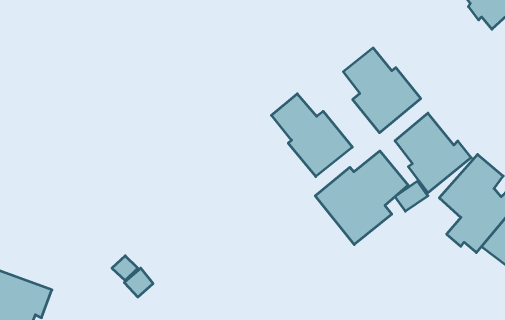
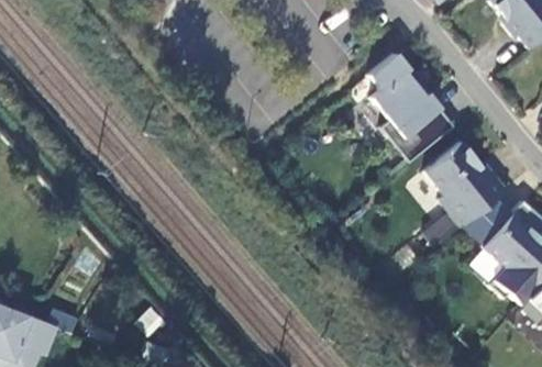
building: [271,94,352,177] -> none
building: [315,151,408,245] -> none

